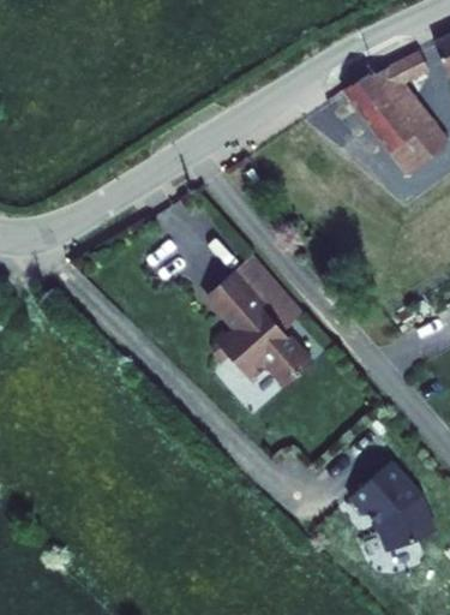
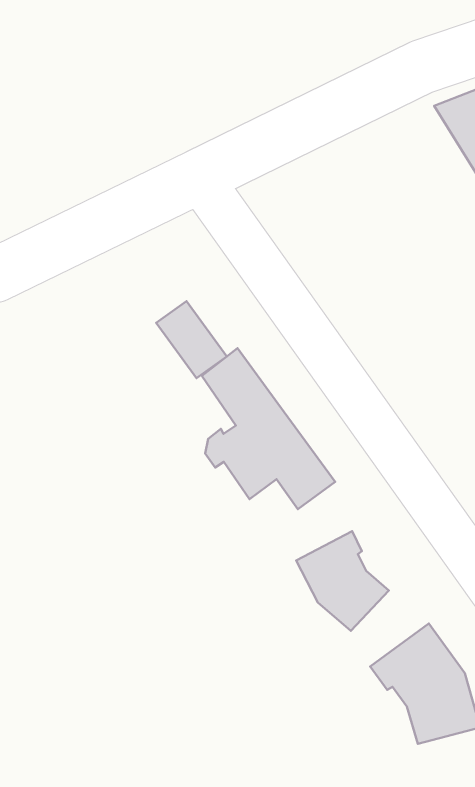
building: [224,257,278,312] -> [156,301,227,378]
building: none -> [296,531,389,631]

